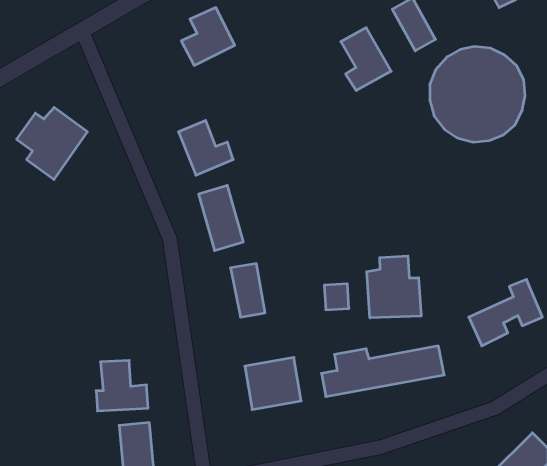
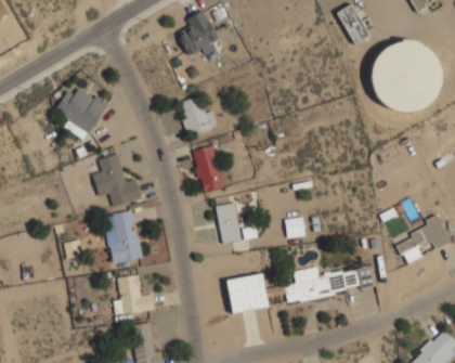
building: [341,28,391,91] -> none
building: none -> [93,153,142,206]
building: [367,256,421,318] -> none
building: none -> [103,209,142,262]

